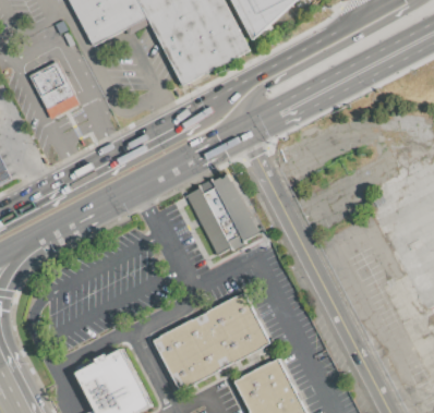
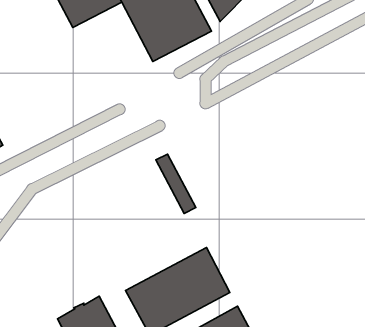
building: [31,61,80,118] -> none
building: [212,172,257,240] -> none

